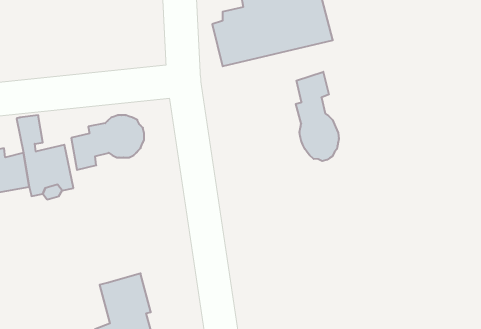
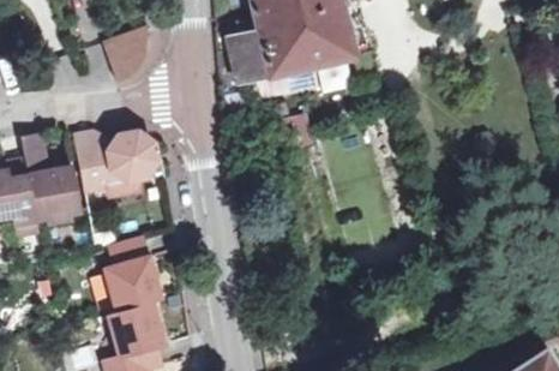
building: none -> [106,25,149,82]
building: [296,72,339,161] -> none
building: none -> [107,237,161,310]

